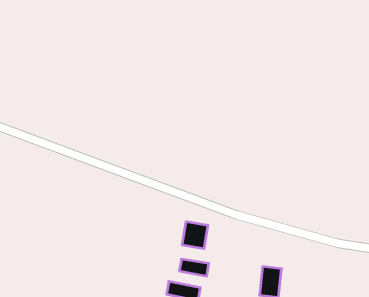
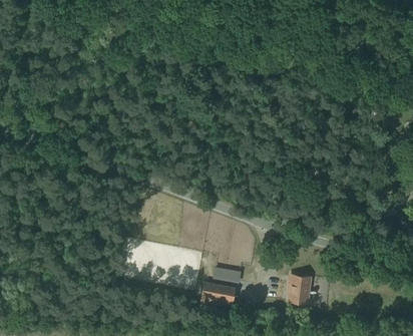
building: [182,222,208,249] -> none

